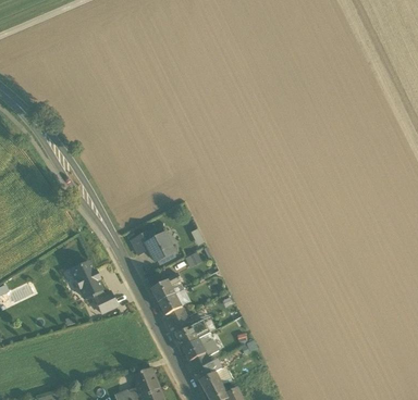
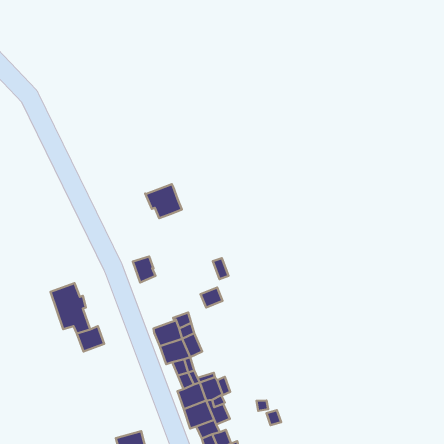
building: [145,234,174,261] -> [145,184,182,218]

